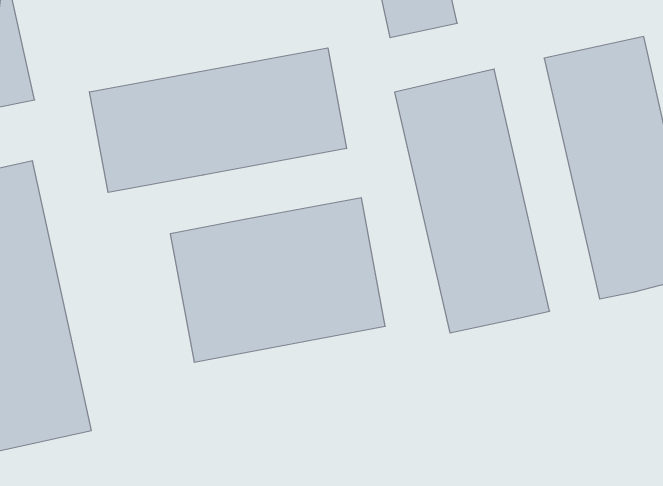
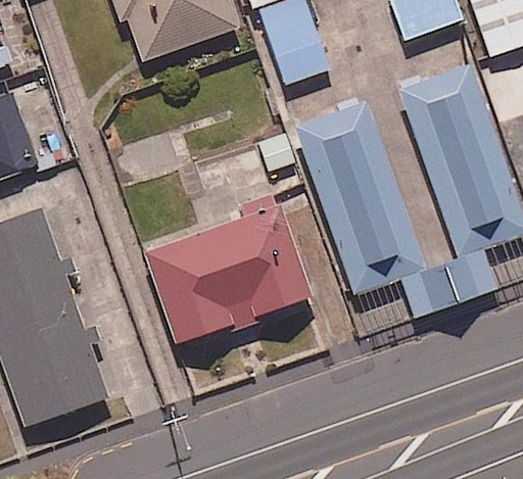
building: [89,48,347,192] -> none
building: none -> [402,248,498,318]

